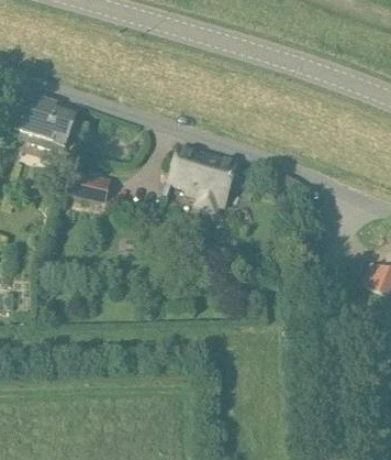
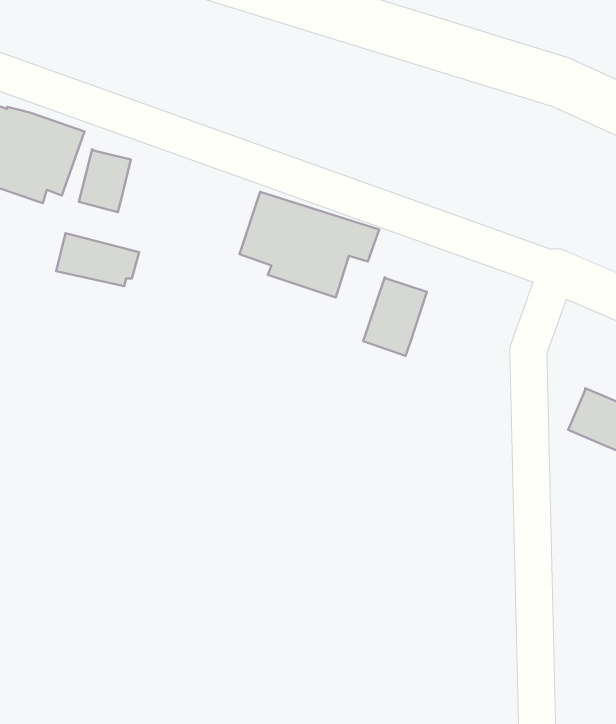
building: none -> [79,149,131,212]
building: none -> [363,277,427,356]

